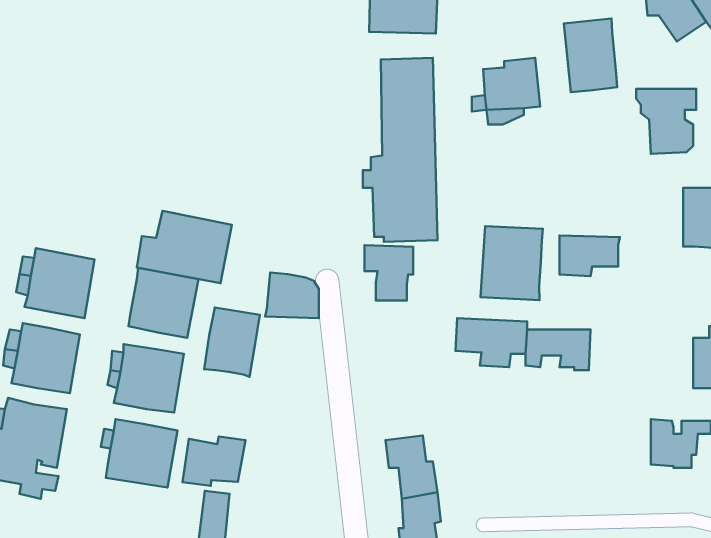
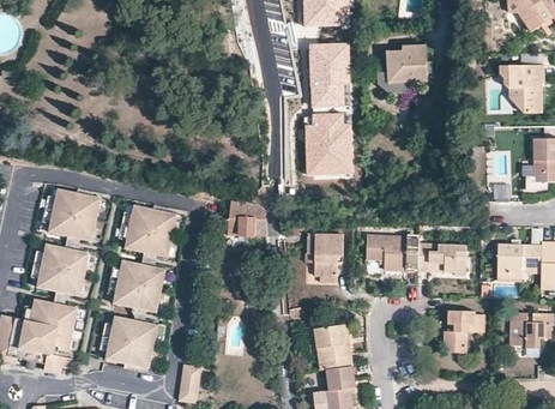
building: [564,19,617,92] -> none
building: [137,211,232,283] -> none
building: [480,226,543,300] -> none
building: [560,236,620,276] -> [497,243,542,273]
building: [364,245,413,300] -> [306,235,342,276]
building: [204,307,260,377] -> none
building: none -> [442,311,483,351]
building: [183,437,246,486] -> none

